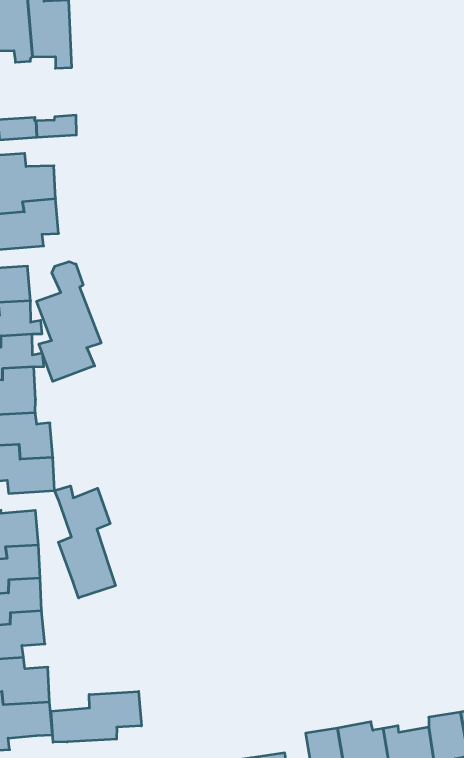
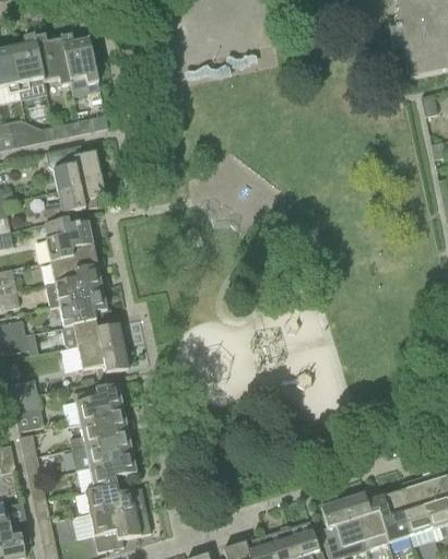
building: [37,262,101,381] -> none
building: [55,486,115,598] -> none
building: [51,691,141,742] -> none

